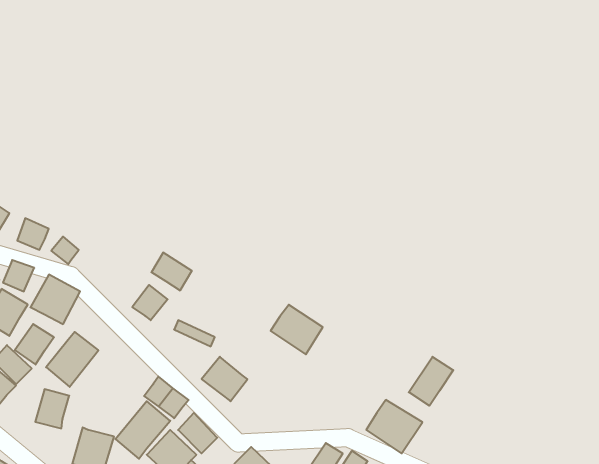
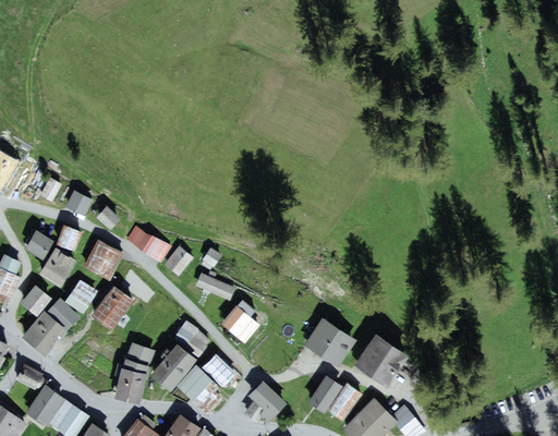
building: [151,253,192,290] -> [135,227,169,258]
building: [271,305,323,354] -> [308,325,352,366]
building: [409,357,453,406] -> none
building: [35,389,69,428] -> [126,339,155,372]

